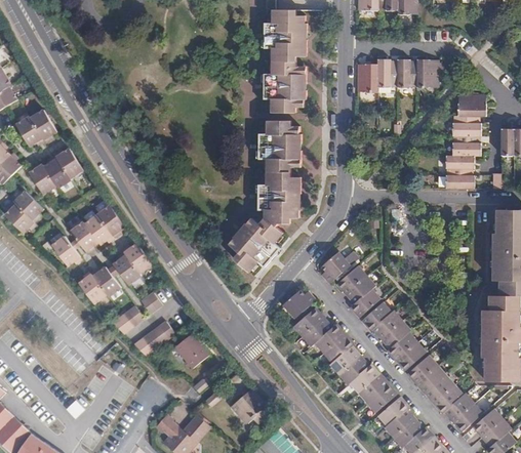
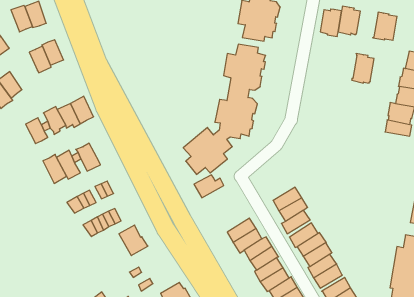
building: [396,58,416,89] -> [352,54,374,83]
building: [29,163,55,193] -> none
building: [123,242,152,273] -> none
building: [321,250,350,283] -> none
building: [282,291,315,318] -> [194,175,224,198]

